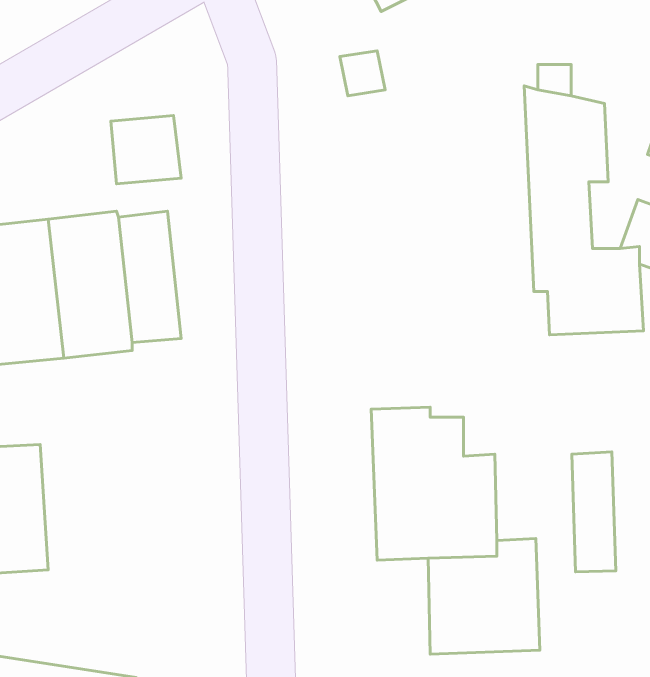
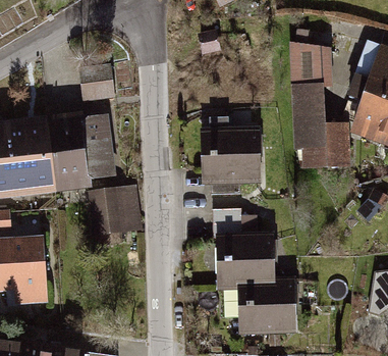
building: none -> [201,123,261,201]
building: none -> [87,184,138,234]
building: [572,452,616,572] -> none

